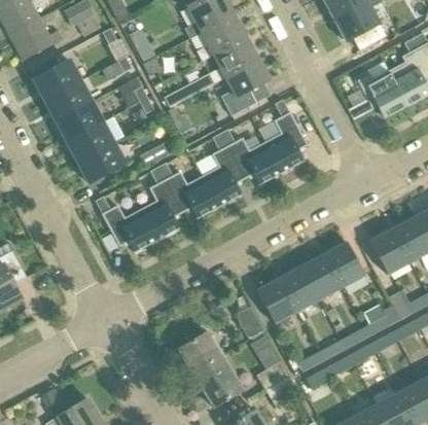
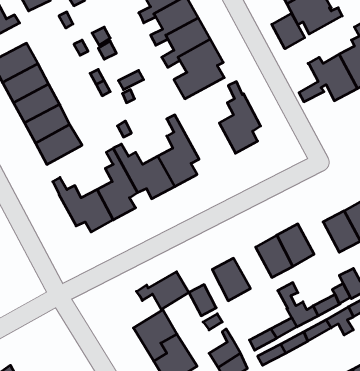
building: none -> [272,13,305,49]
building: [220,128,282,183] -> none
building: [280,267,319,309] -> none
building: none -> [136,272,189,309]

